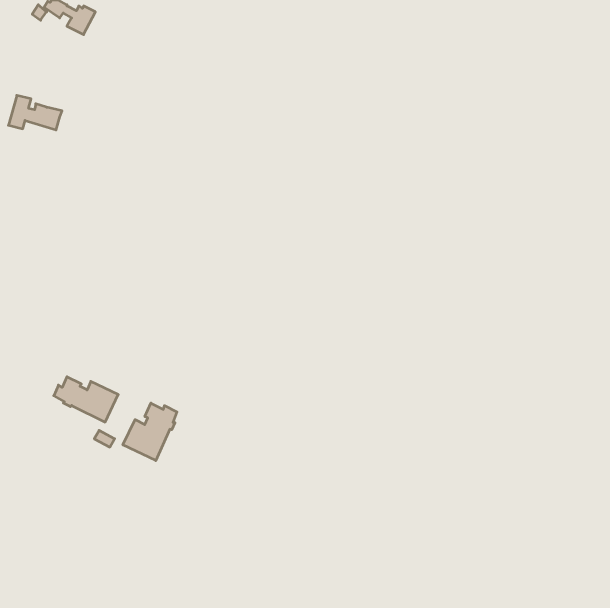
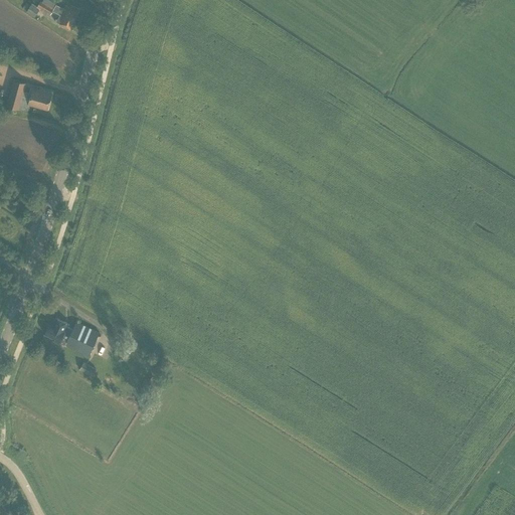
building: [123,403,177,461] -> none

